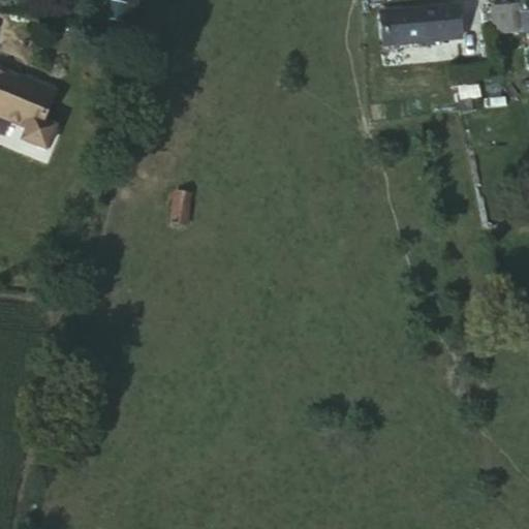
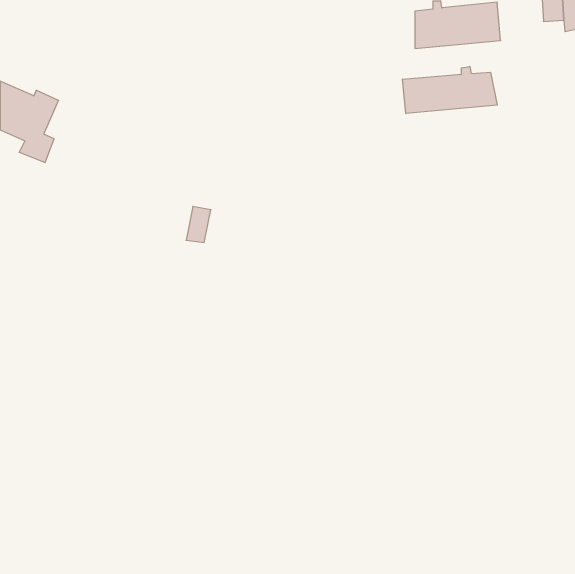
building: none -> [403,66,497,114]

